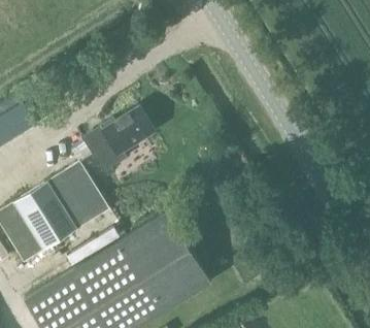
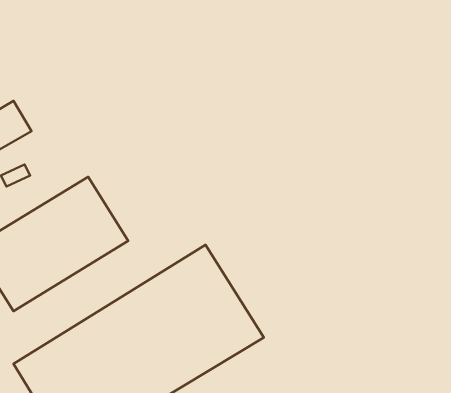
building: [79,105,154,172] -> none

